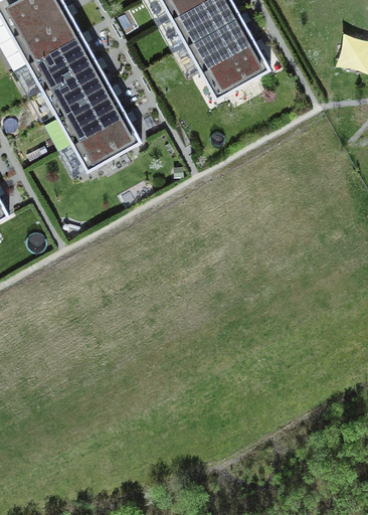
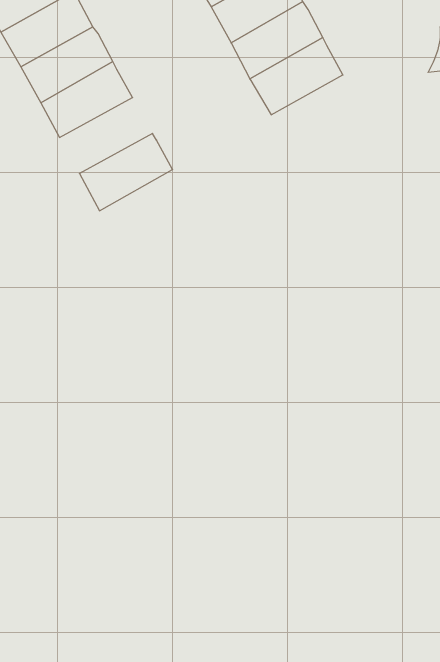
building: [54,85,125,143] -> none

